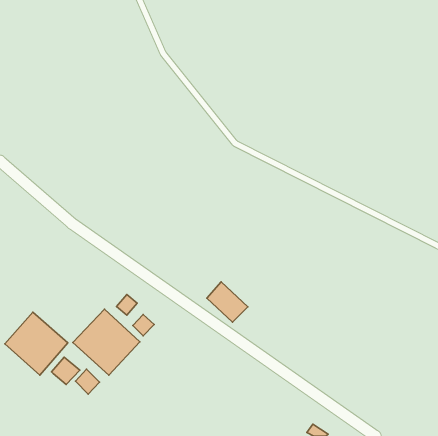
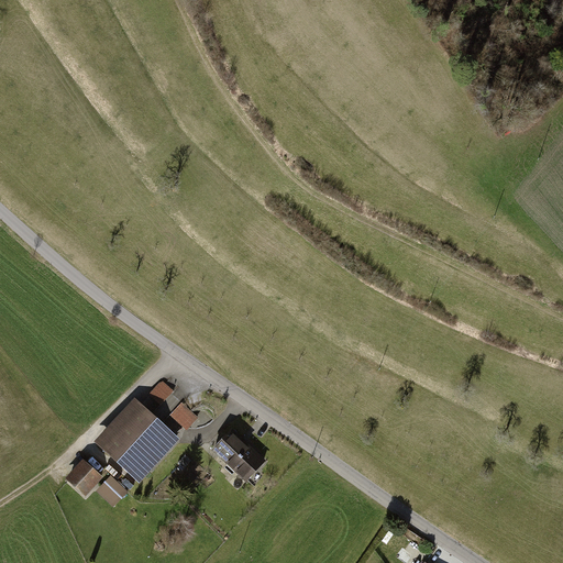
building: [207,282,248,322] -> [212,428,265,479]
building: [5,312,68,375] -> none

